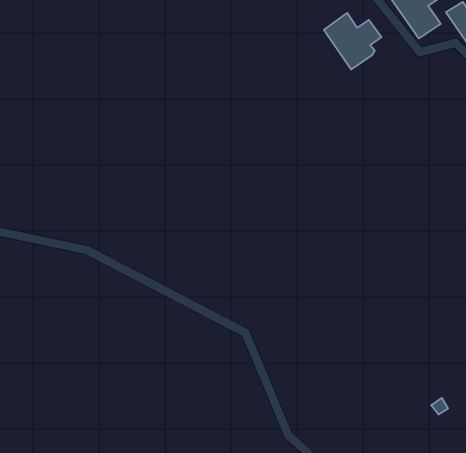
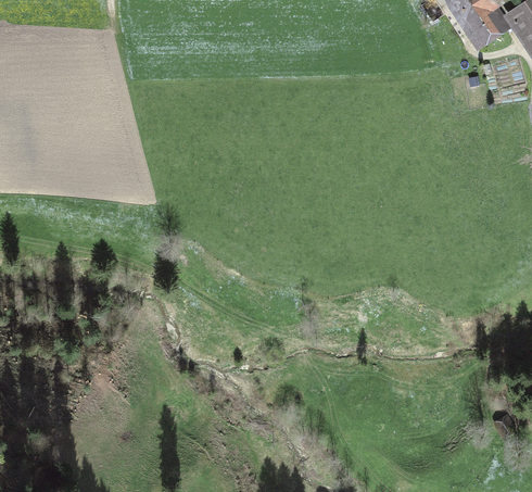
building: [324,13,382,69] -> none

